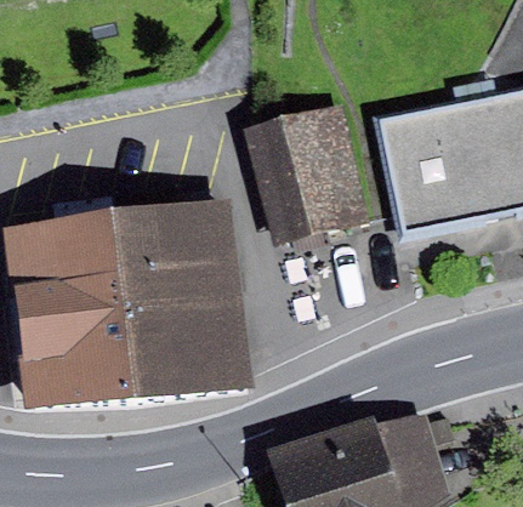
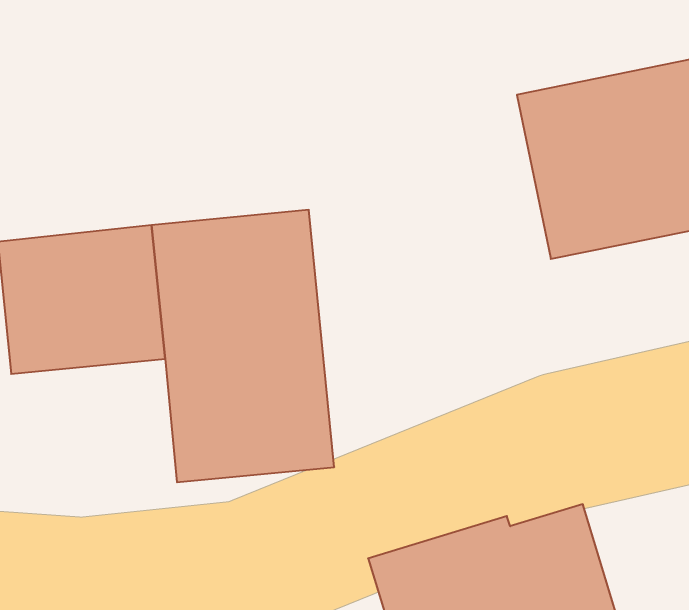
building: [246,103,373,241] -> none
building: [15,308,133,408] -> none

